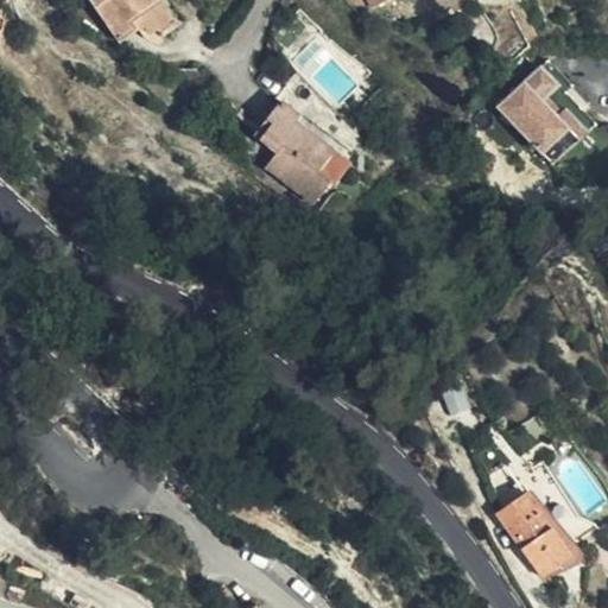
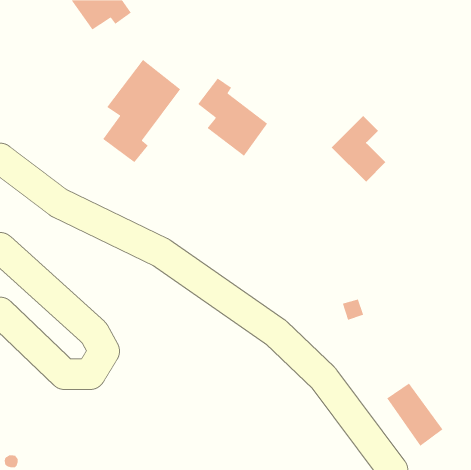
building: [501,69,572,156] -> [331,115,386,182]
building: none -> [102,59,181,163]

